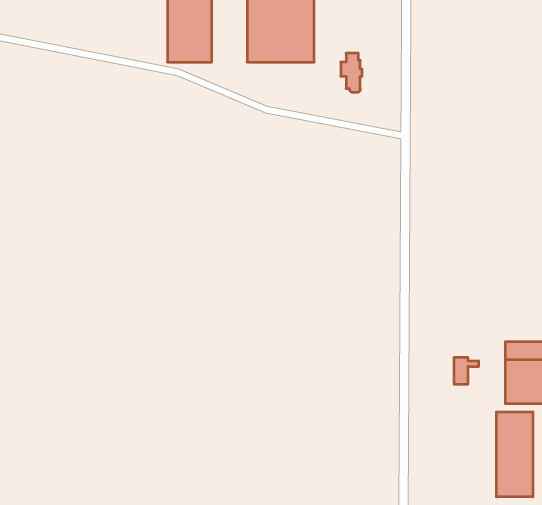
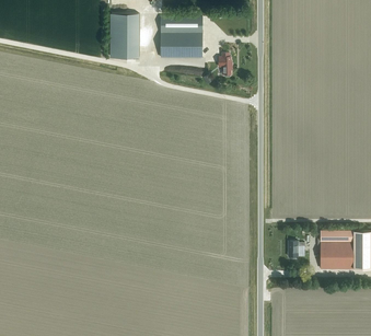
building: [496,412,533,497] -> none

